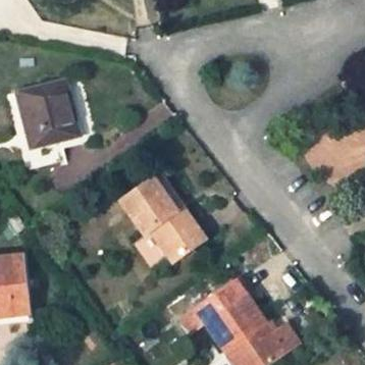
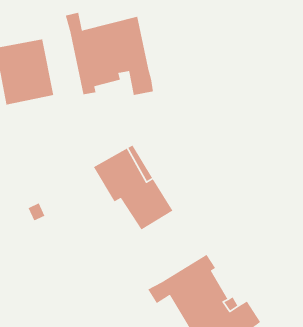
building: none -> [65,12,154,96]

